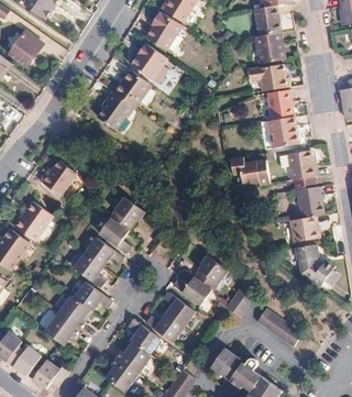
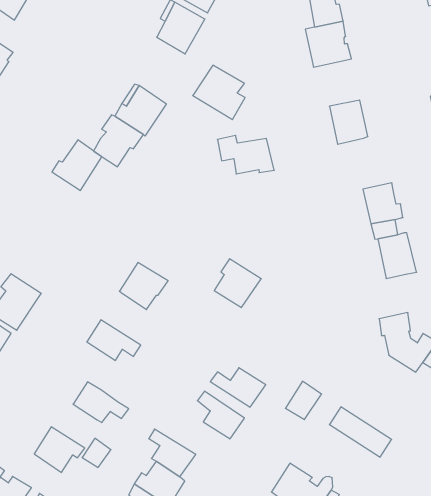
building: [130,44,167,84] -> [193,65,245,120]
building: [248,65,288,91] -> none
building: [267,118,297,148] -> none
building: [230,157,270,185] -> [217,135,274,174]
building: [40,159,76,196] -> [52,140,102,190]
building: [292,217,319,242] -> none
building: [99,219,131,254] -> none
building: [74,253,106,288] -> none
building: [192,255,227,290] -> [214,259,261,308]
building: [56,295,89,329] -> none
building: [144,315,184,343] -> none

